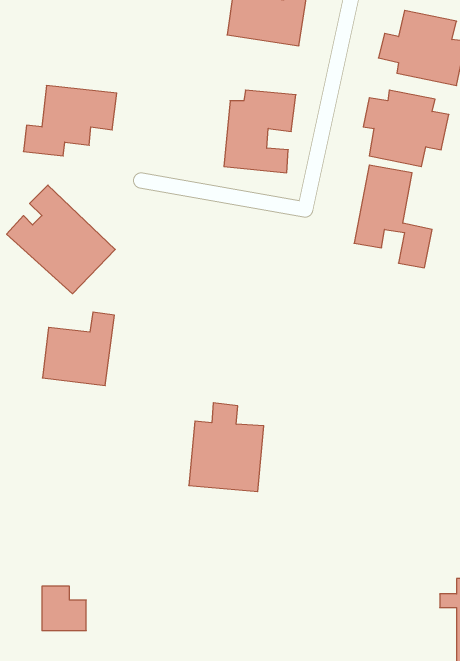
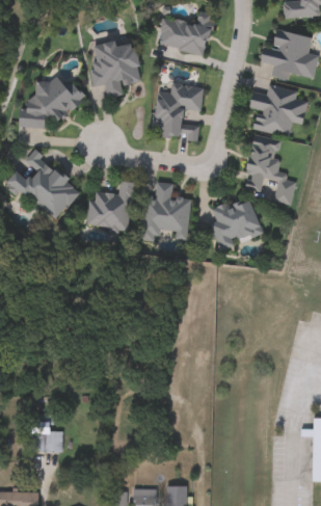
building: none -> [89,39,141,98]
building: none -> [212,197,262,247]
building: [42,312,114,386] -> [86,181,135,231]
building: [189,403,264,492] -> [139,182,190,242]

